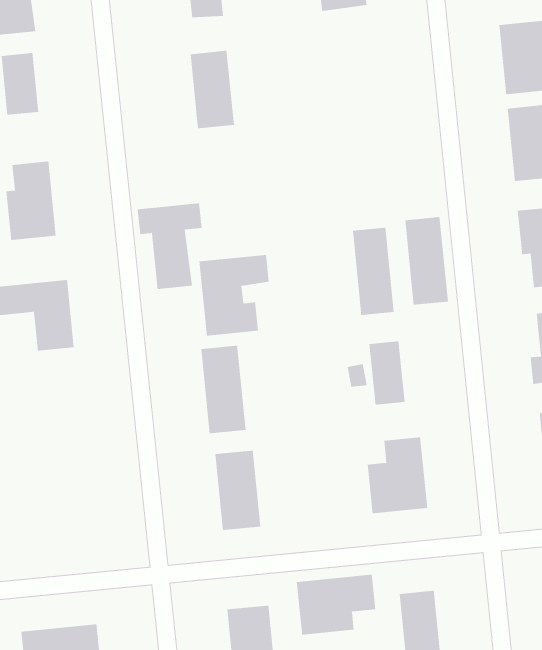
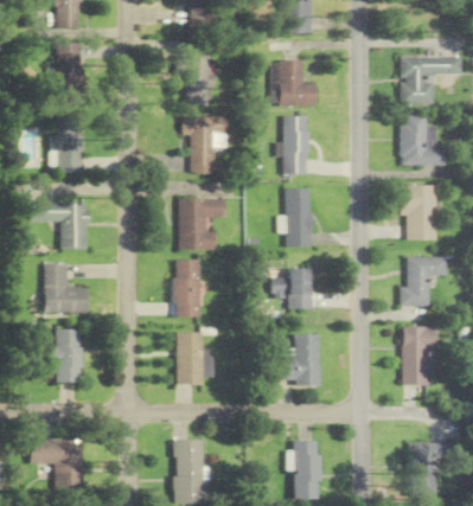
building: none -> [281,59,317,107]
building: [137,203,202,290] -> [184,116,228,173]
building: [404,217,449,305] -> [285,116,309,175]
building: none -> [45,263,89,313]
building: none -> [56,329,82,382]
building: [296,574,376,636] -> none

